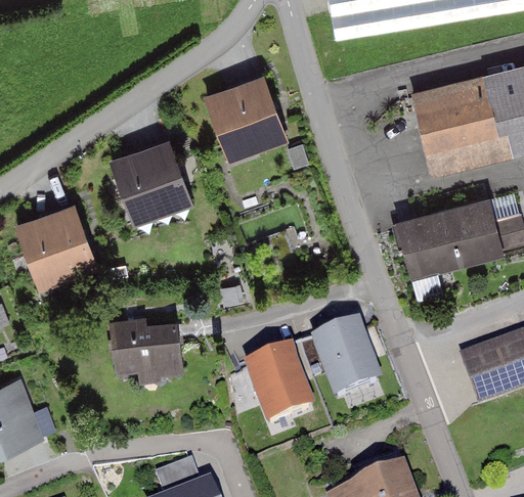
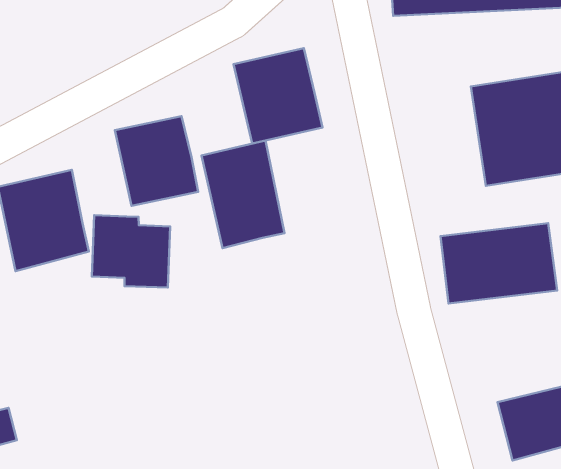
building: none -> [201,140,285,248]
building: [314,306,397,391] -> none
building: [108,315,178,375] -> [92,215,170,288]
building: [236,333,319,418] -> none

